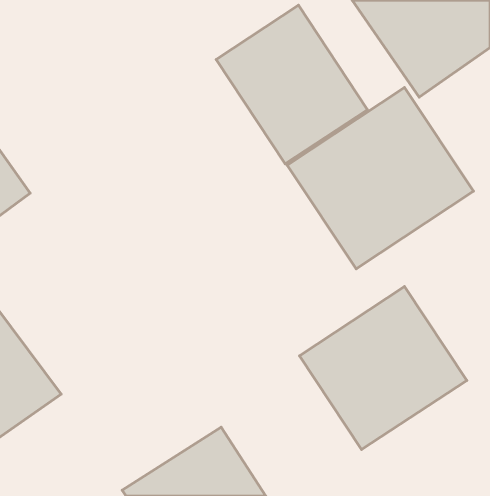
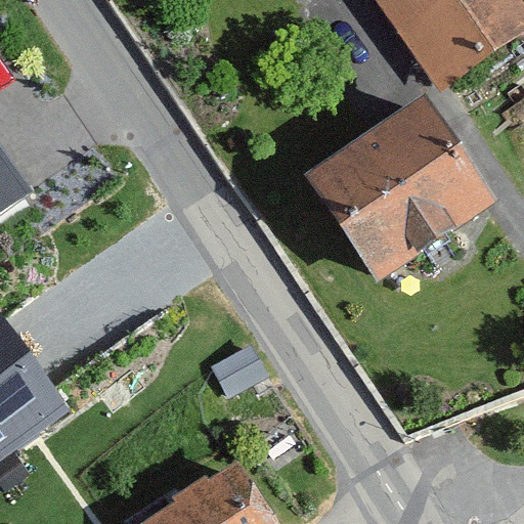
building: [216,5,368,164] -> none
building: [300,286,467,450] -> none

